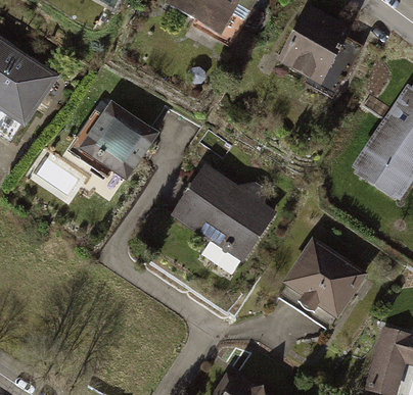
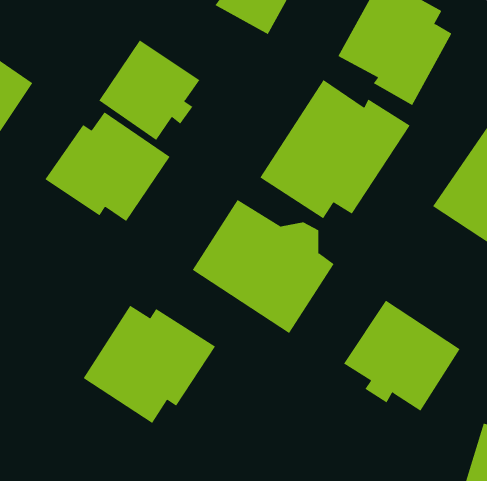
building: none -> [99,40,200,141]
building: none -> [259,79,410,219]
building: none -> [83,305,216,424]

